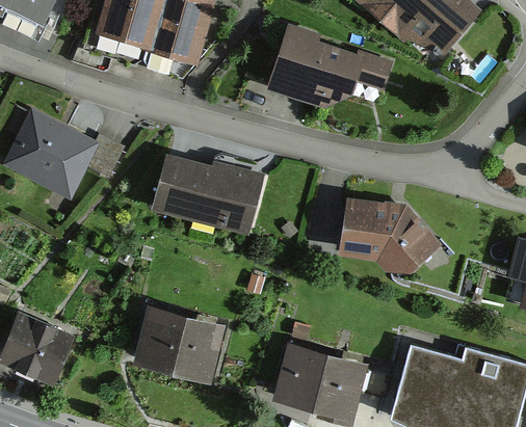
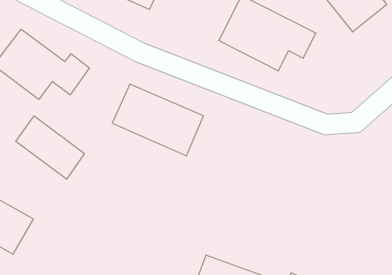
building: [348,204,441,273] -> none
building: none -> [16,116,84,179]
building: [142,310,229,376] -> none

